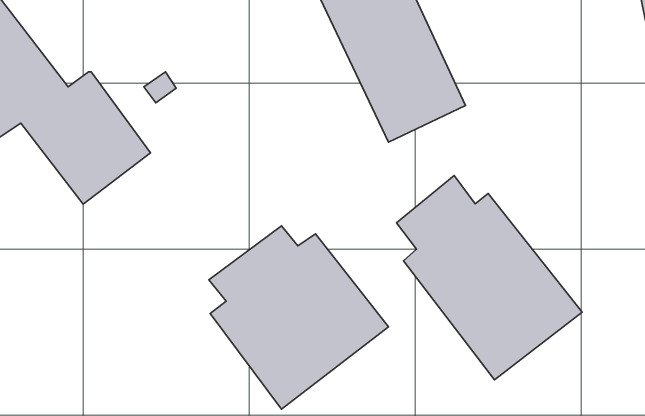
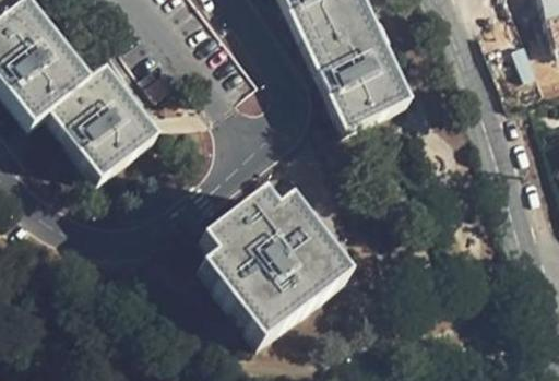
building: [397,176,582,380] -> none

